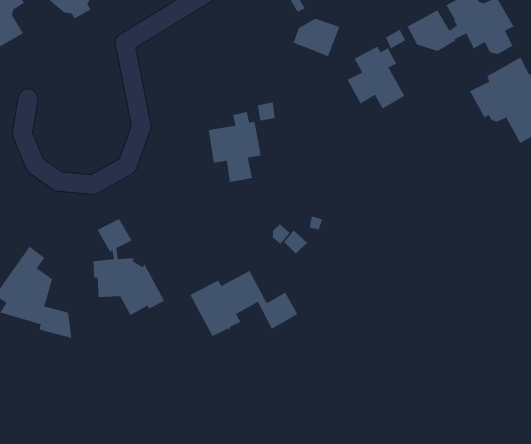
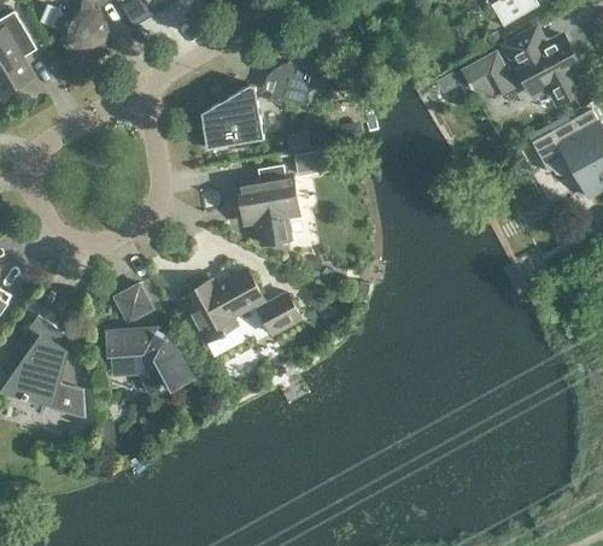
building: [293,18,340,57] -> [264,64,317,107]
building: none -> [201,84,264,148]
building: [347,46,405,109] -> none
building: [190,270,298,337] -> [180,268,302,342]

